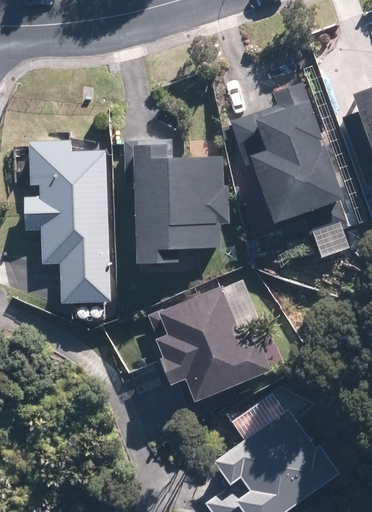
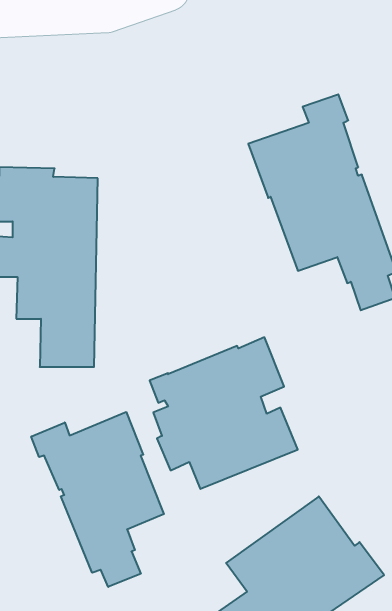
building: [127,140,231,266] -> none
building: none -> [31,412,164,587]

